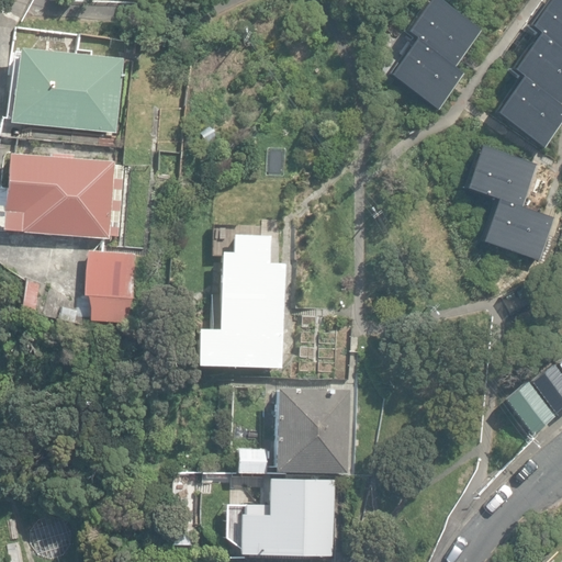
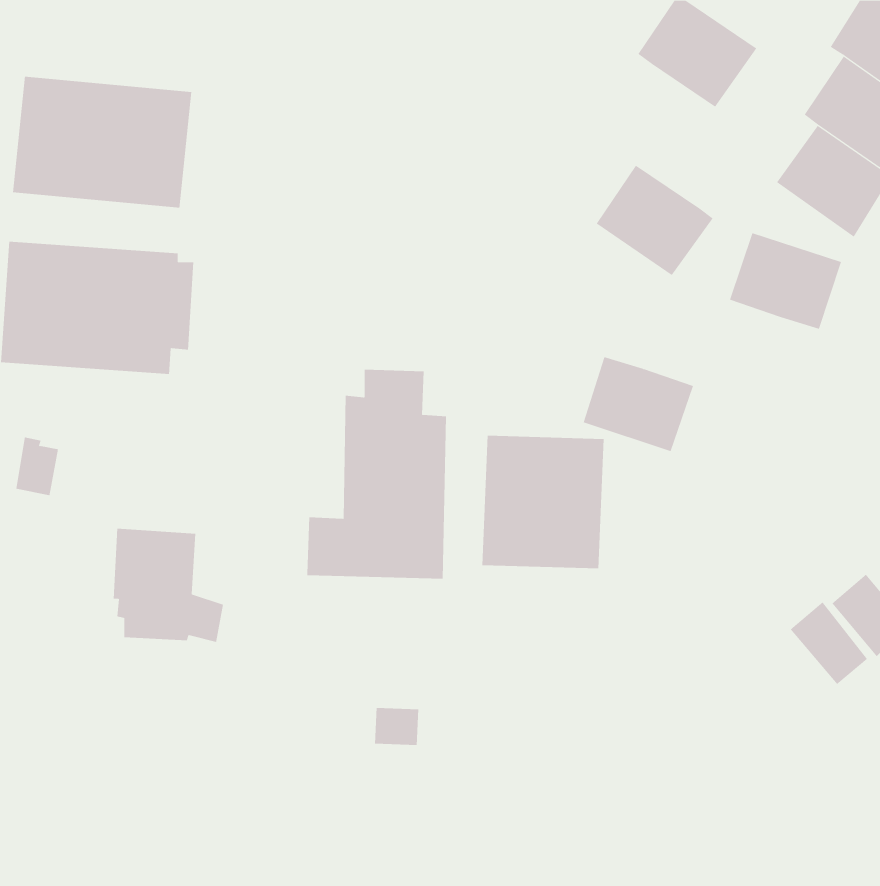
building: [391,41,465,111] -> [596,165,714,276]
building: [484,201,554,261] -> [583,356,694,452]
building: [87,250,157,323] -> [113,528,224,643]
building: [274,387,352,472] -> [481,435,604,569]
building: [240,476,336,554] -> none

